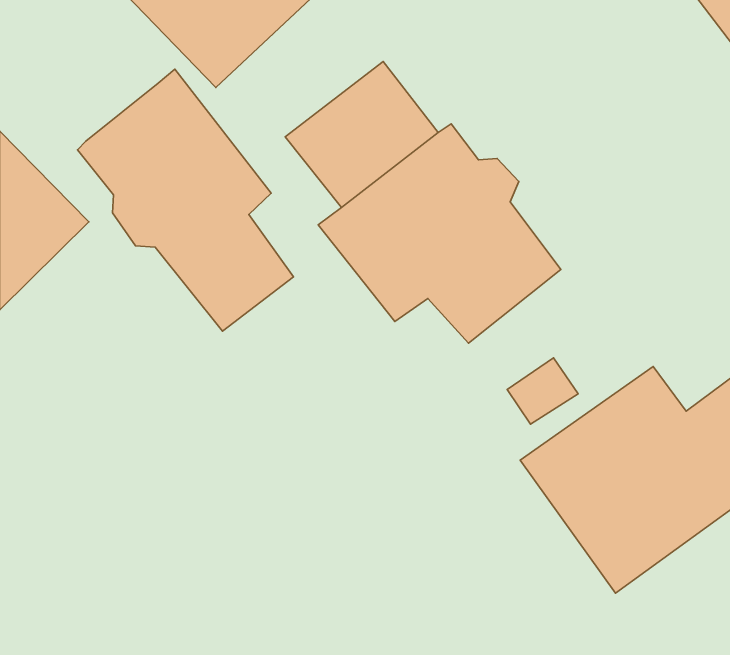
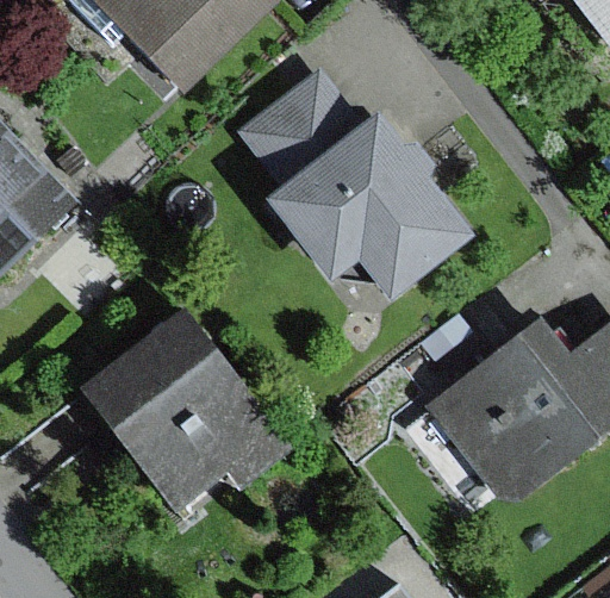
building: [78,69,293,331] -> none
building: none -> [76,307,292,512]

